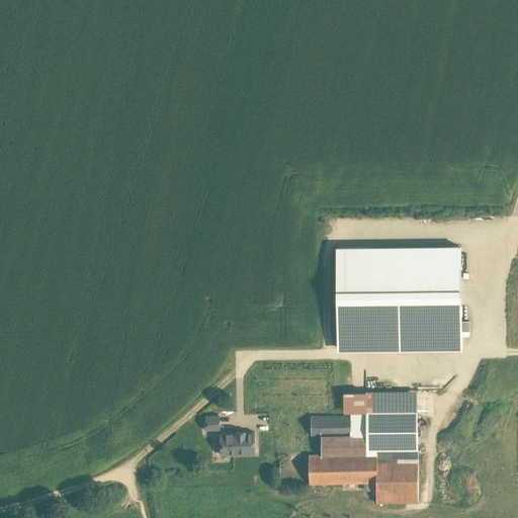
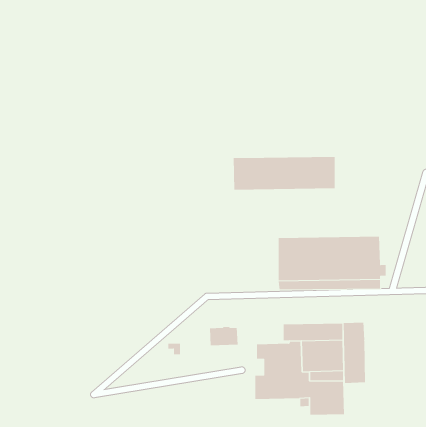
building: [335,248,459,288] -> [233,157,336,190]
building: none -> [343,322,365,384]
building: [219,431,254,454] -> [209,327,238,346]

